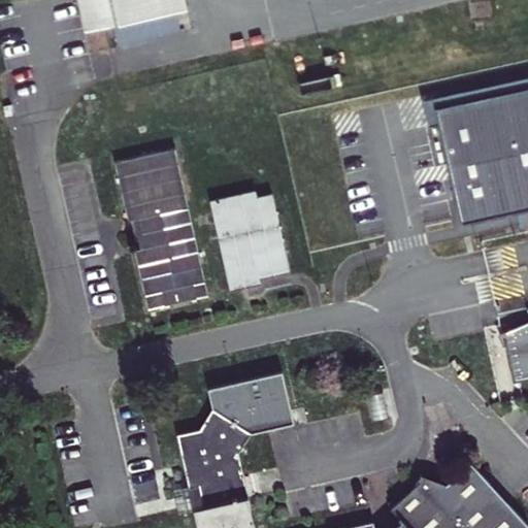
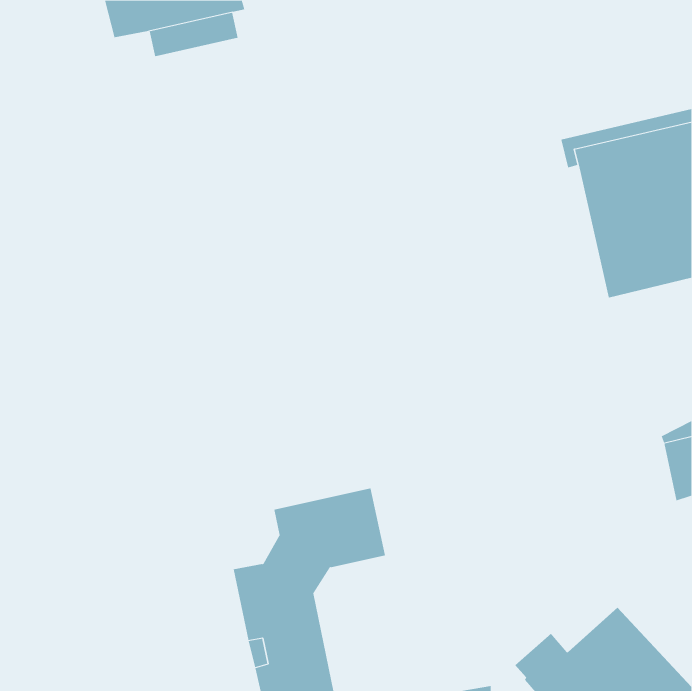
building: [116,150,207,309] -> none
building: [210,191,290,291] -> none

